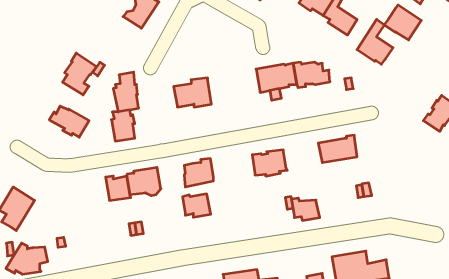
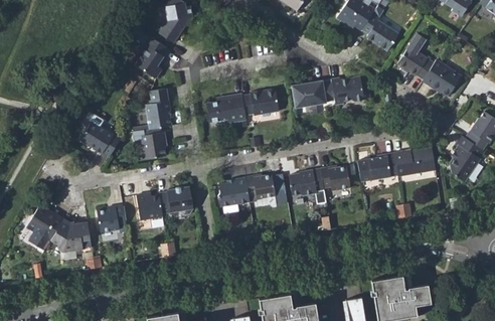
building: [384,5,421,40] -> [423,59,461,96]
building: [63,53,97,95] -> [135,34,170,77]
building: none -> [242,88,280,116]
building: none -> [451,135,483,182]
building: none -> [394,148,435,175]
building: none -> [97,205,126,234]
building: [183,194,211,217] -> [245,174,275,198]
building: [292,198,320,220] -> [321,167,350,190]
building: [6,243,48,274] -> [47,220,91,253]

